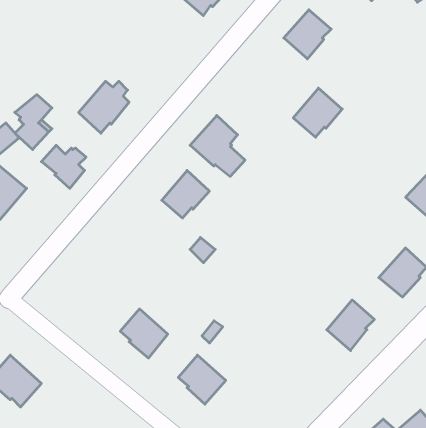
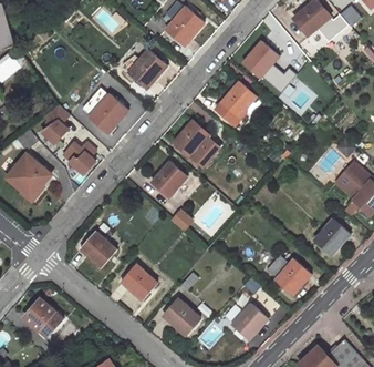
building: none -> [127,50,166,89]
building: [293,88,342,137] -> [220,81,257,118]
building: none -> [81,231,116,267]
building: none -> [231,303,268,338]

